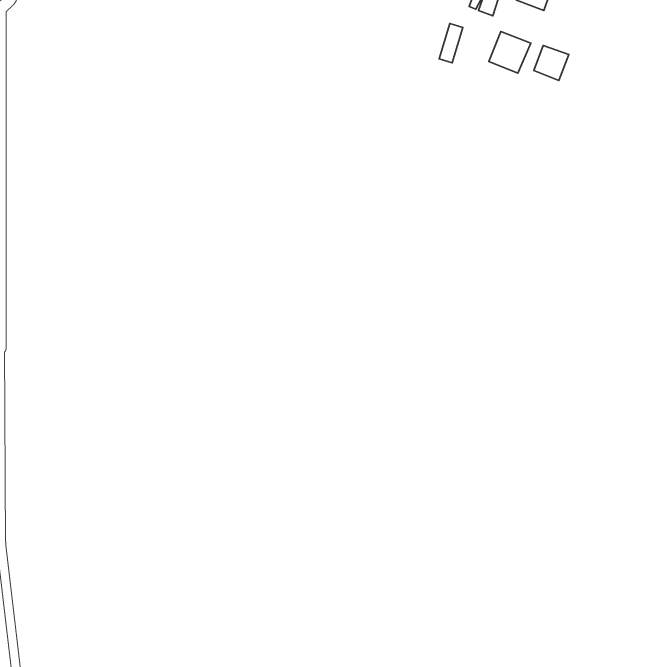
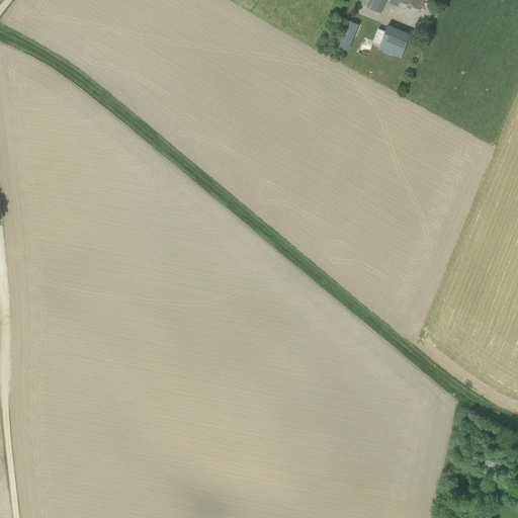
building: [534,46,569,80] -> none

